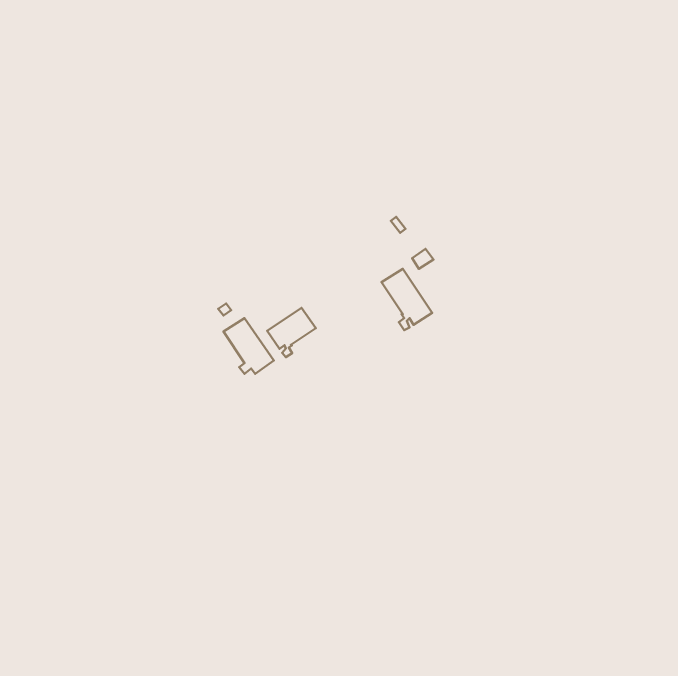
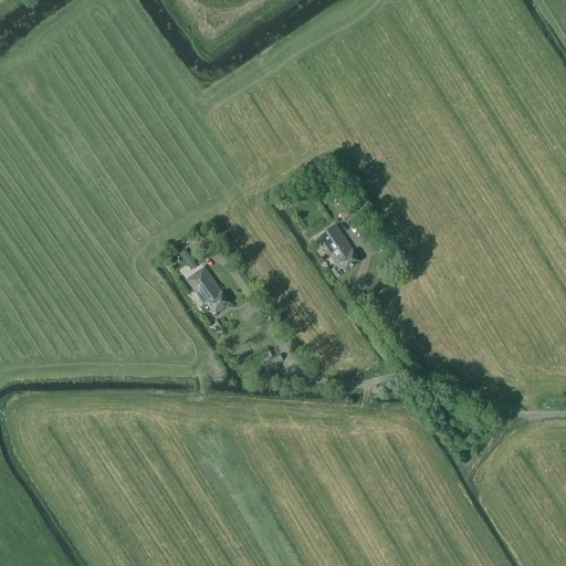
building: [267,308,316,357] -> none

